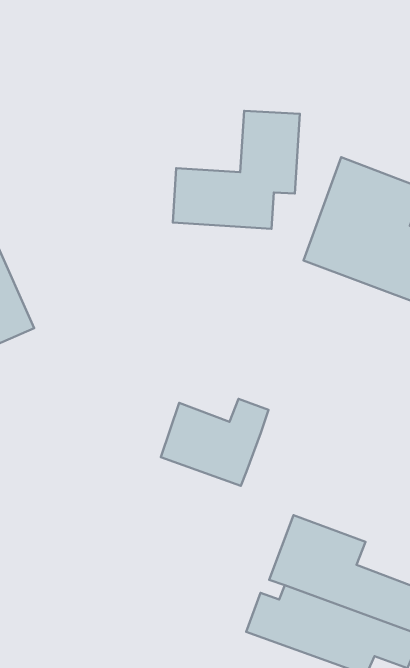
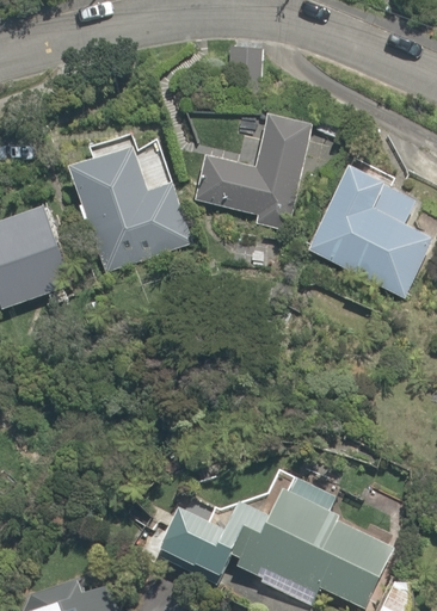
building: none -> [67,141,196,272]
building: [161,399,269,486] -> [155,499,252,575]

